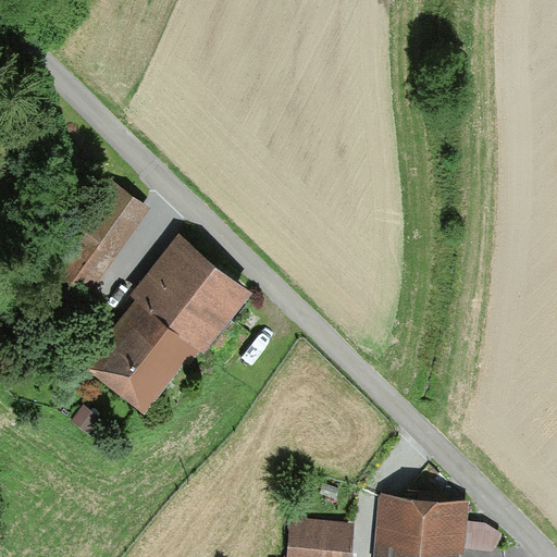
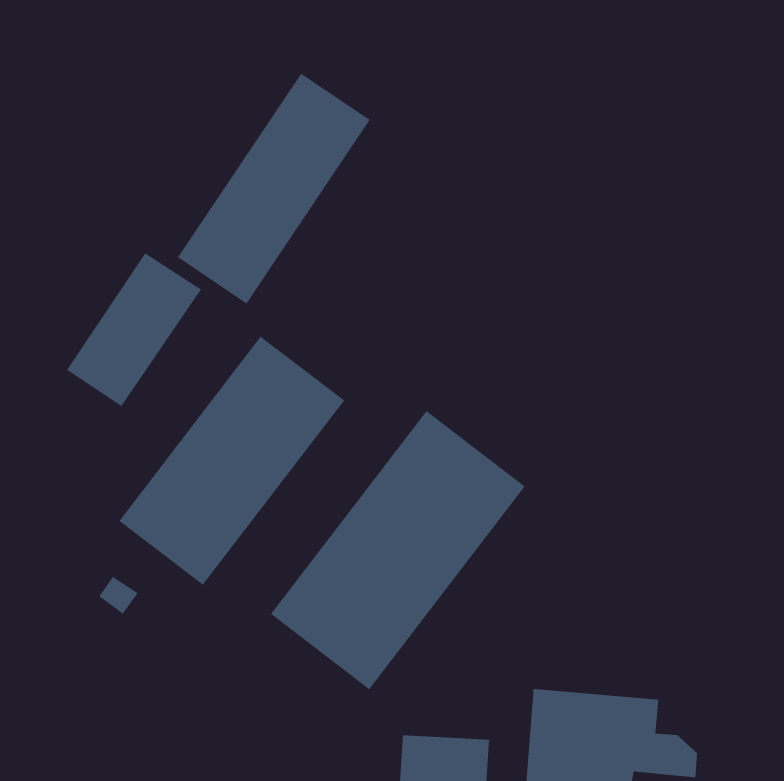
building: none -> [177,73,371,304]
building: none -> [270,410,525,690]

